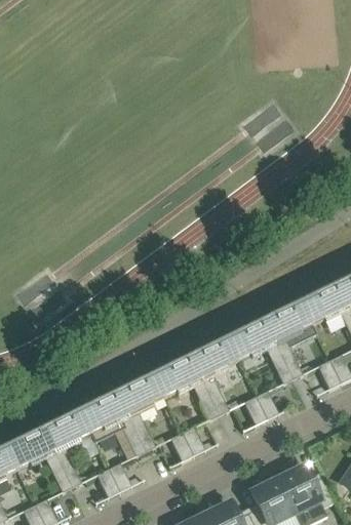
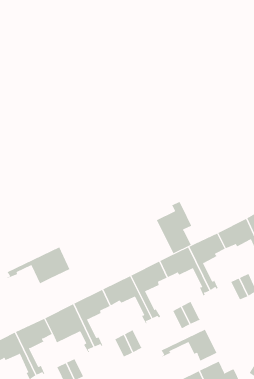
building: none -> [156,201,194,254]
building: none -> [6,246,70,284]
building: none -> [161,329,217,362]

